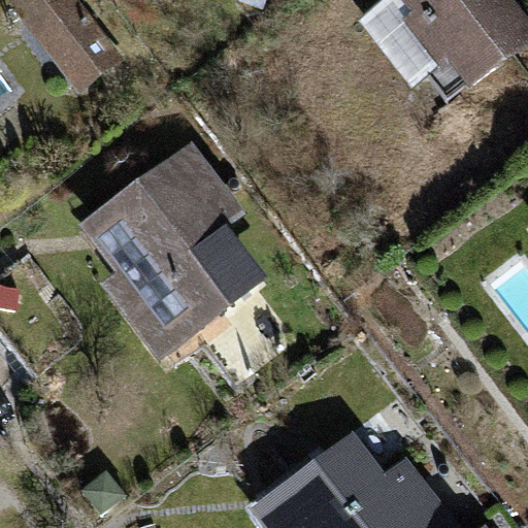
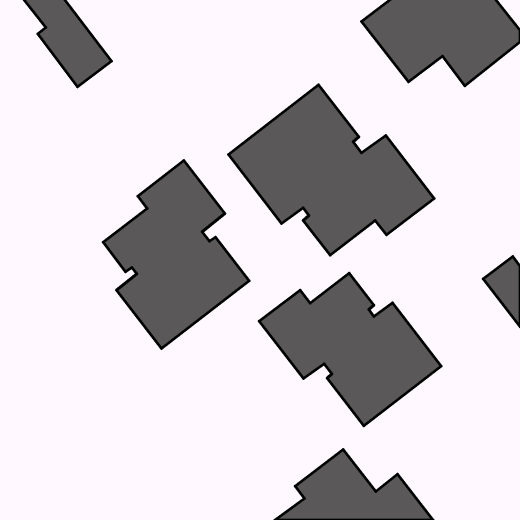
building: none -> [228,85,434,255]
building: none -> [259,273,441,426]

